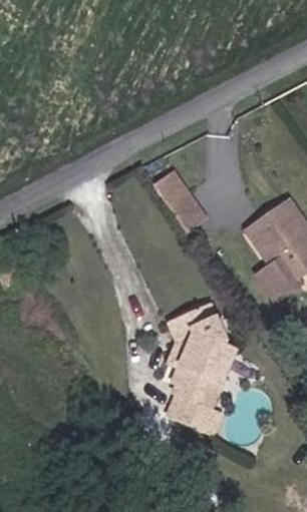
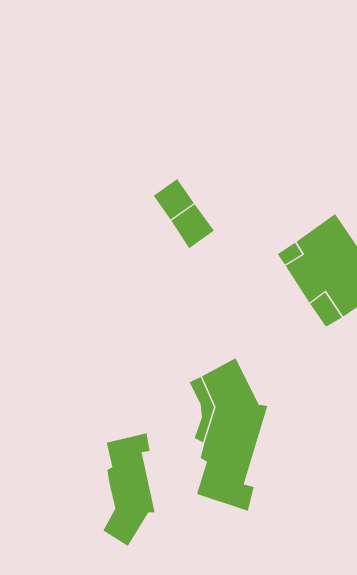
building: none -> [103,432,155,547]

